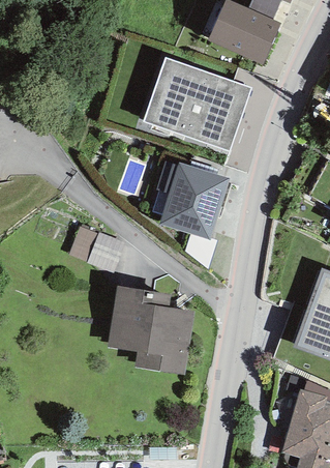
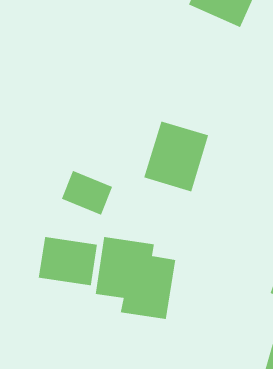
building: [143,57,250,151] -> none
building: none -> [38,236,98,286]

